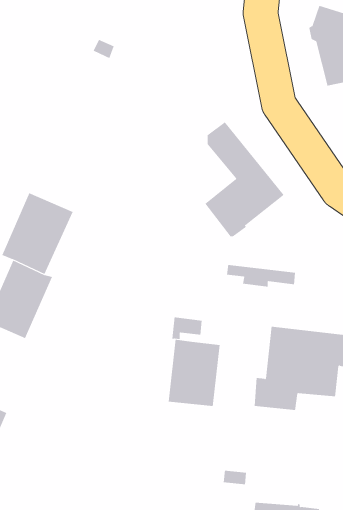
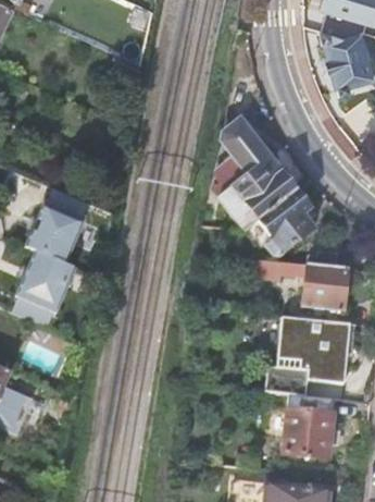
building: none -> [260,191,314,255]
building: none -> [303,265,348,311]
building: [168,339,220,406] -> [285,394,335,458]

